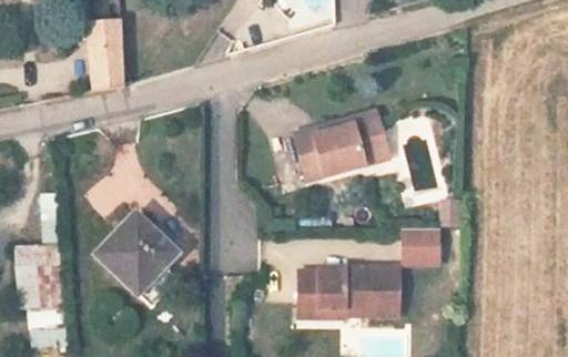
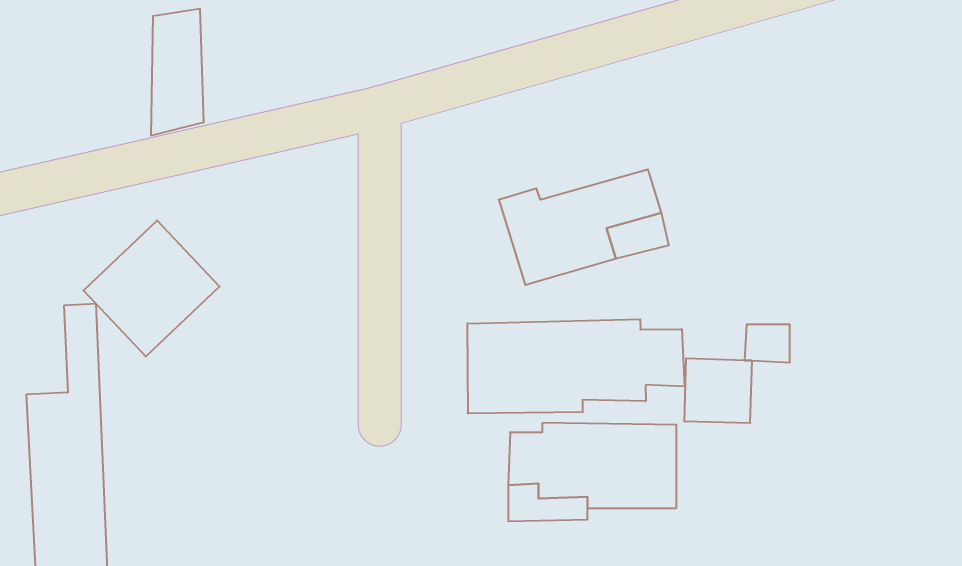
building: none -> [467,319,685,414]
building: [95,212,175,292] -> [83,220,220,357]

